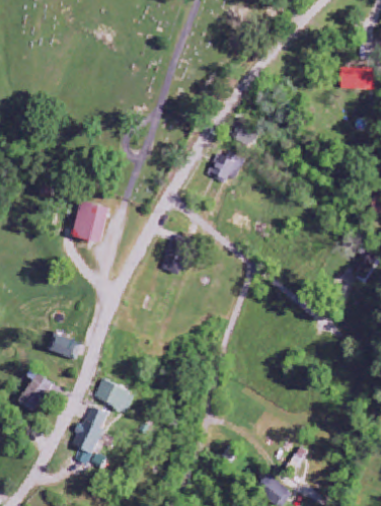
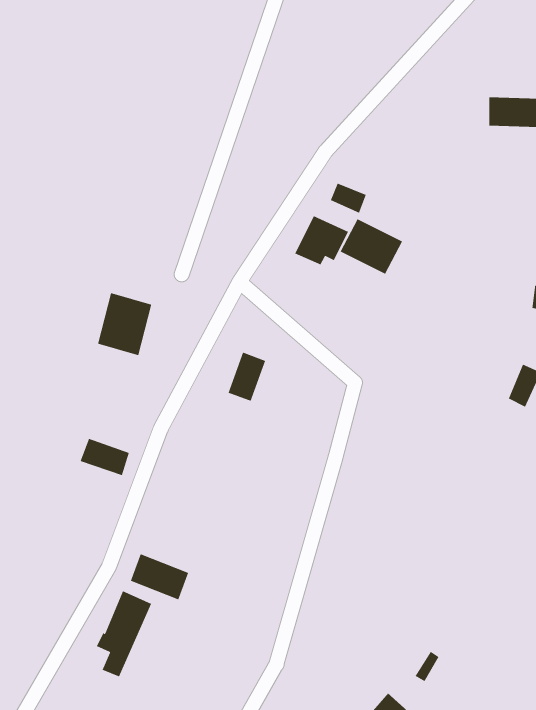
building: none -> [340,218,403,275]
building: [47,334,81,360] -> [80,438,130,476]
building: [17,372,53,412] -> none

